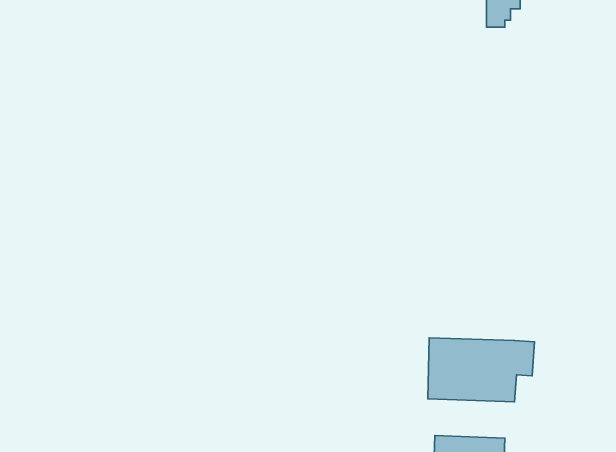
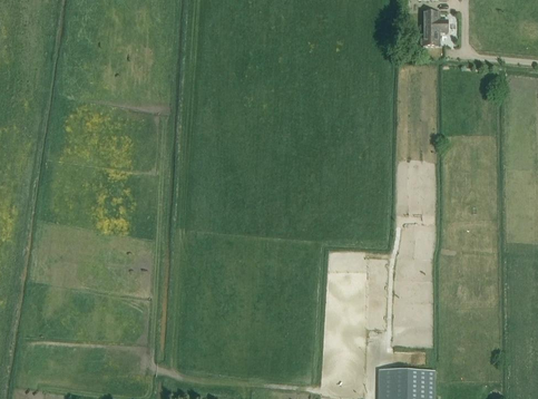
building: [428,338,534,402] -> none

